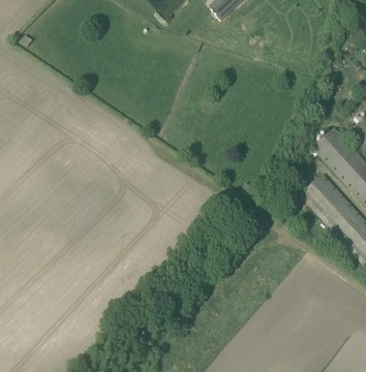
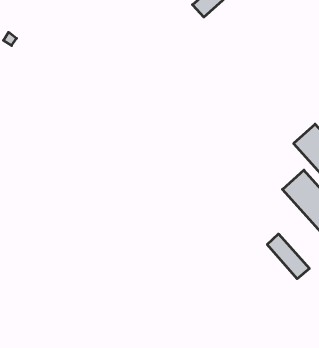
building: none -> [267,234,309,279]

